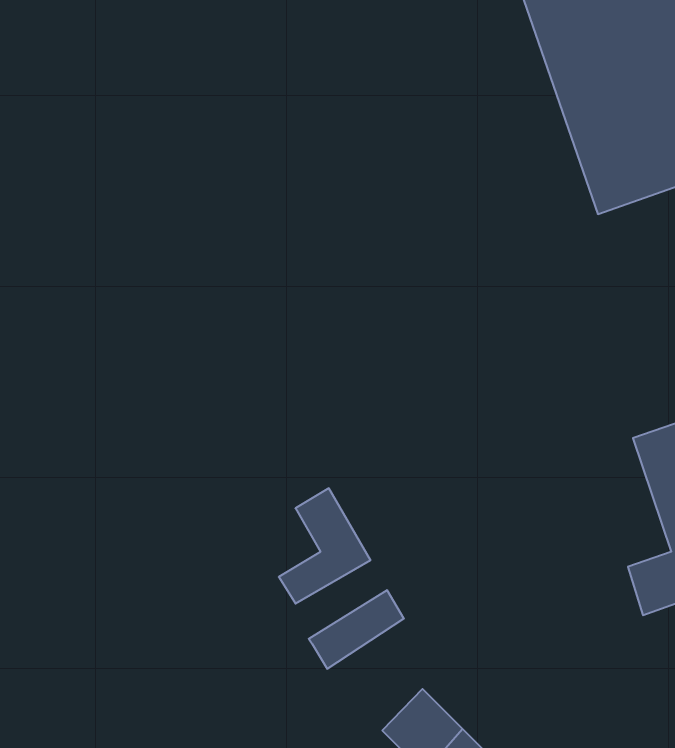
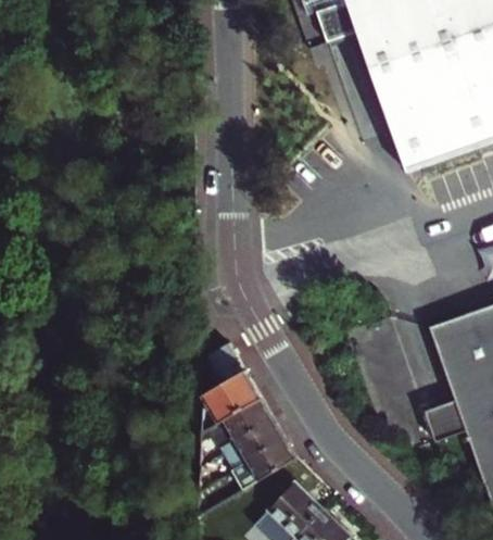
building: none -> [201,399,273,450]
building: none -> [233,437,295,488]

